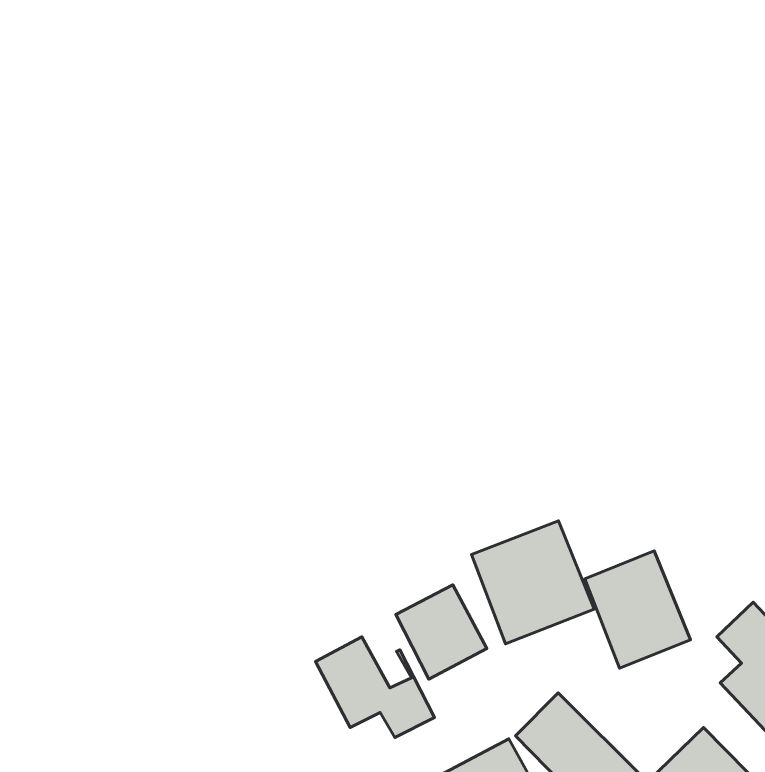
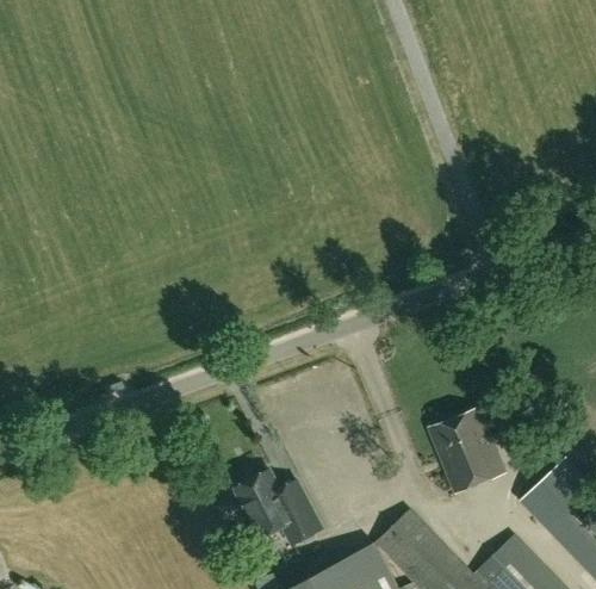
building: [472,521,594,644] -> none
building: [396,585,487,679] -> none

